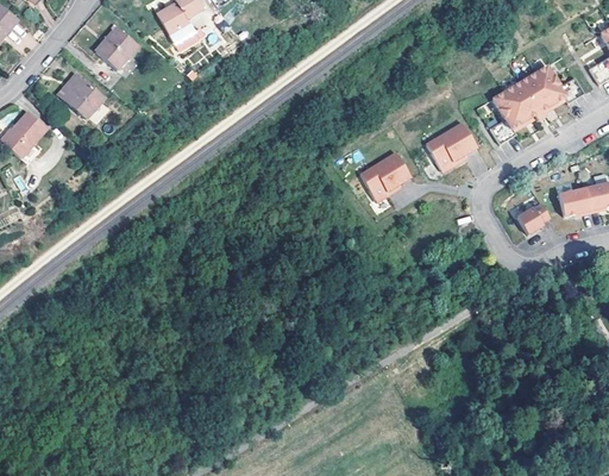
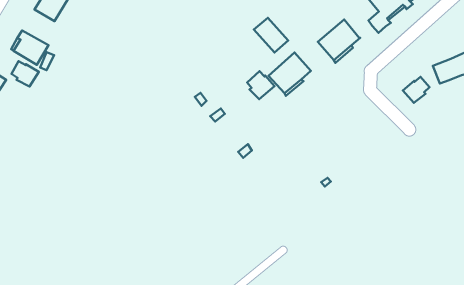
building: none -> [254,18,288,52]
building: none -> [12,61,39,87]
building: none -> [247,71,274,99]

